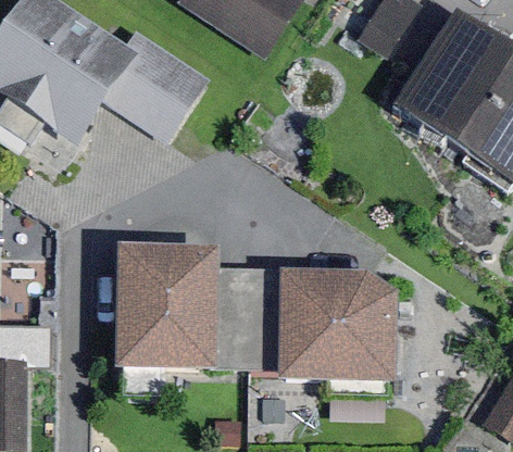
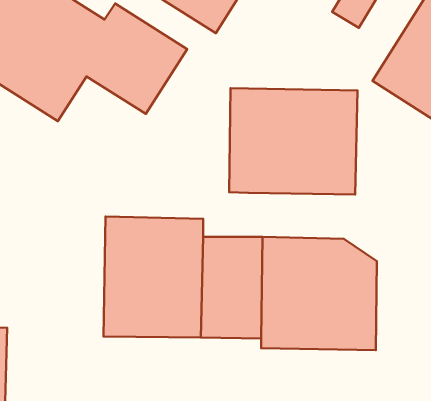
building: none -> [229,88,358,194]

